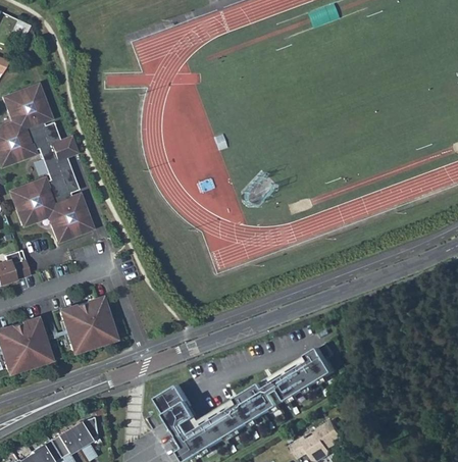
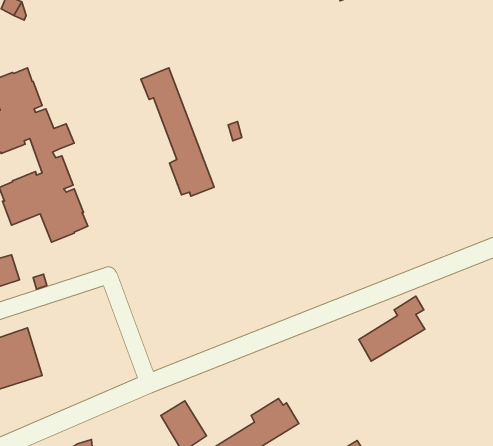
building: none -> [141,68,214,196]
building: [59,298,114,352] -> none
building: [275,341,335,399] -> [359,296,425,361]

